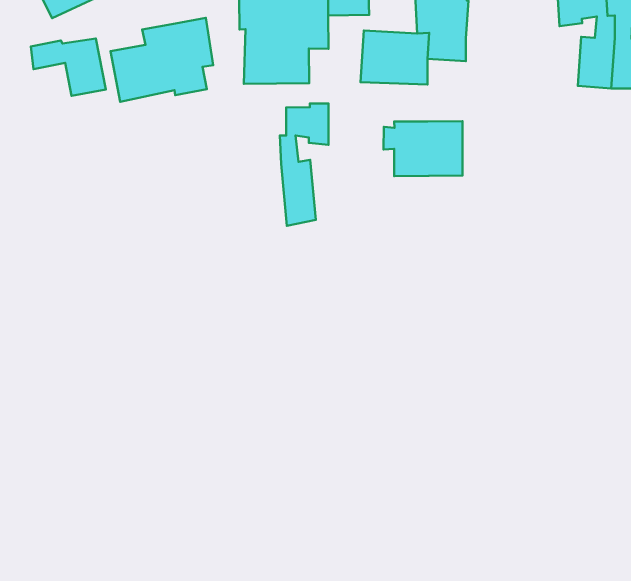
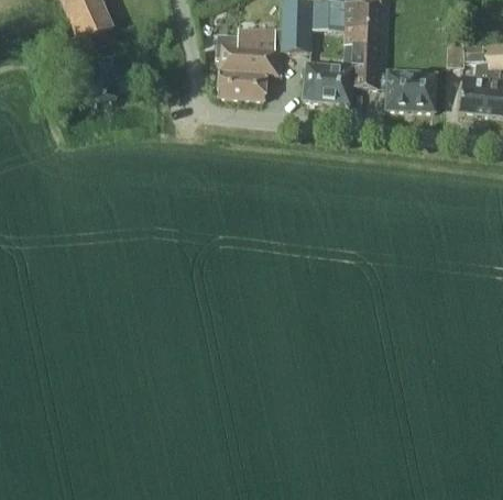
building: [111,18,213,102] -> none
building: [280,103,329,226] -> none
building: [384,121,462,176] -> [379,69,437,111]

